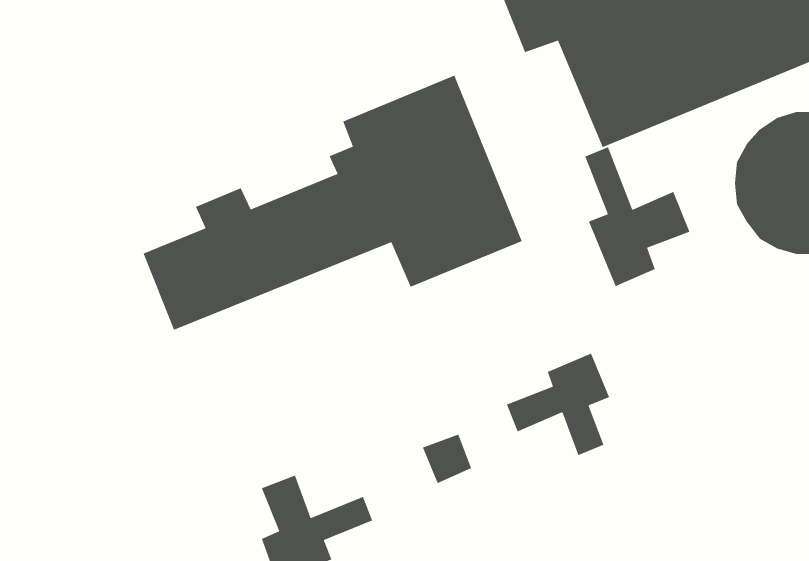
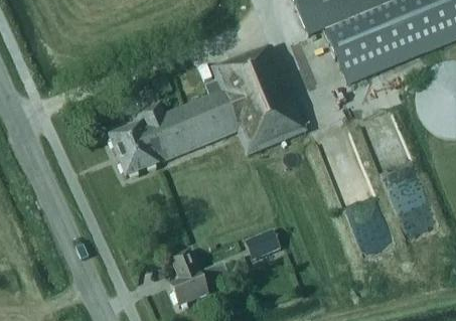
building: [584,146,690,287] -> none
building: [506,353,610,456] -> none

